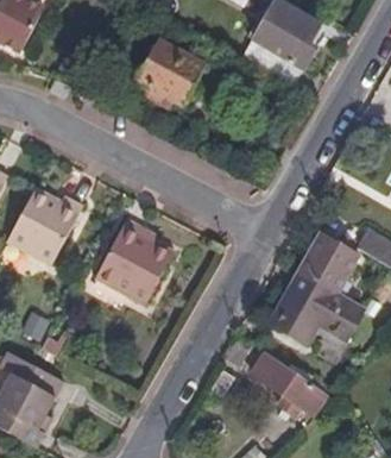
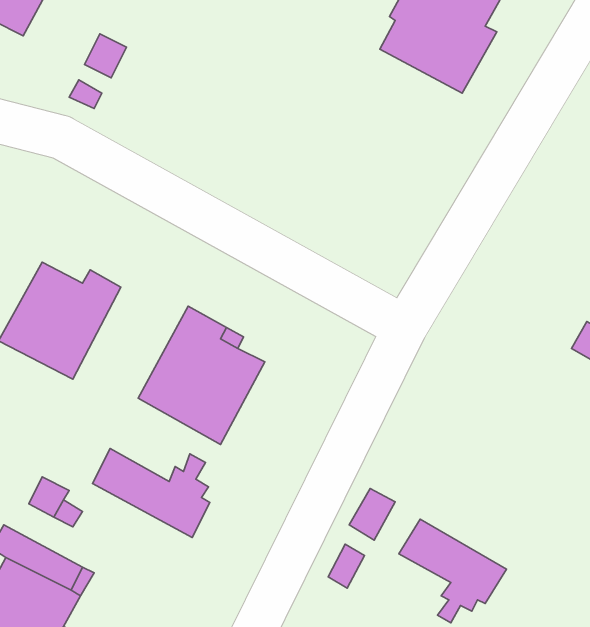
building: [138,42,201,103] -> none
building: [276,231,365,340] -> none
building: none -> [92,448,210,538]

